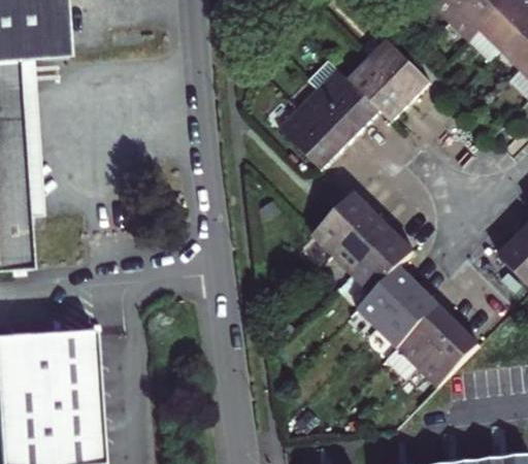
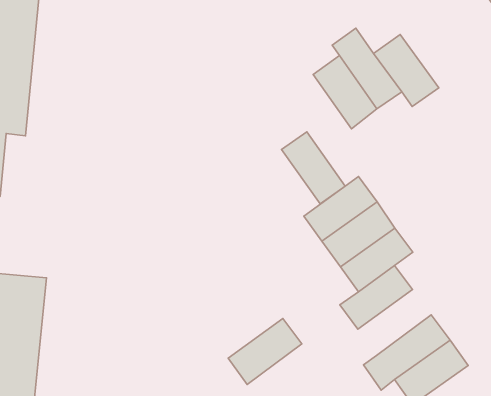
building: [368,39,429,100] -> none
building: [277,107,339,169] -> [282,132,345,204]
building: [375,283,438,346] -> [228,318,302,385]

